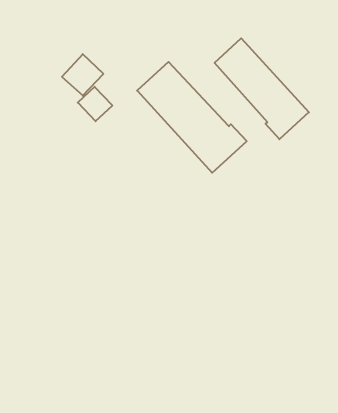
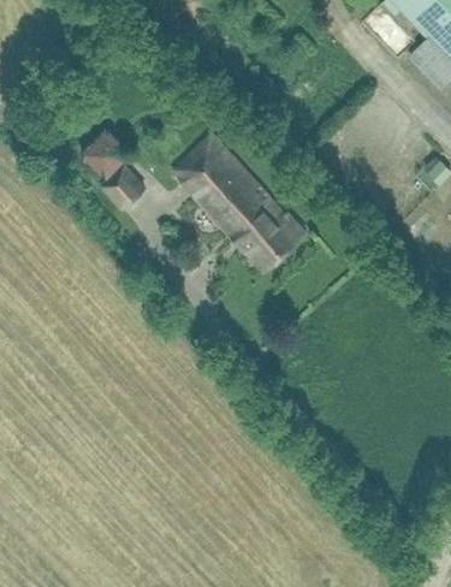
building: [215,38,309,139] -> none

